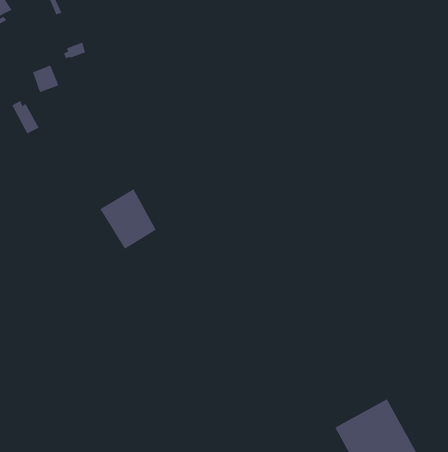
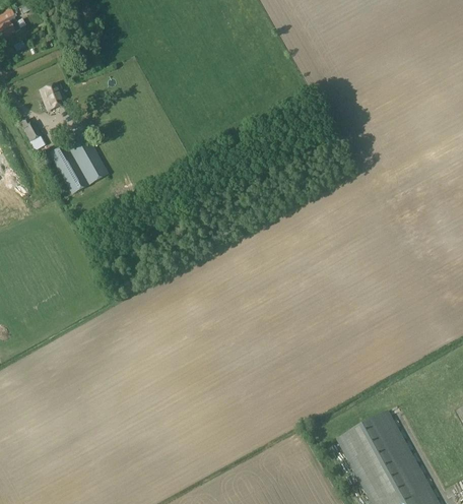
building: [100,189,157,250] -> [51,133,107,193]

